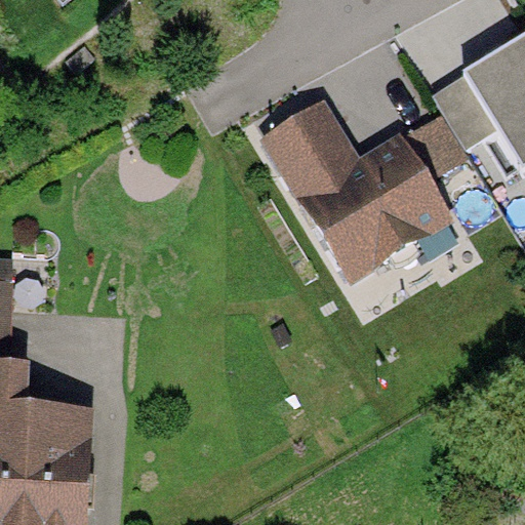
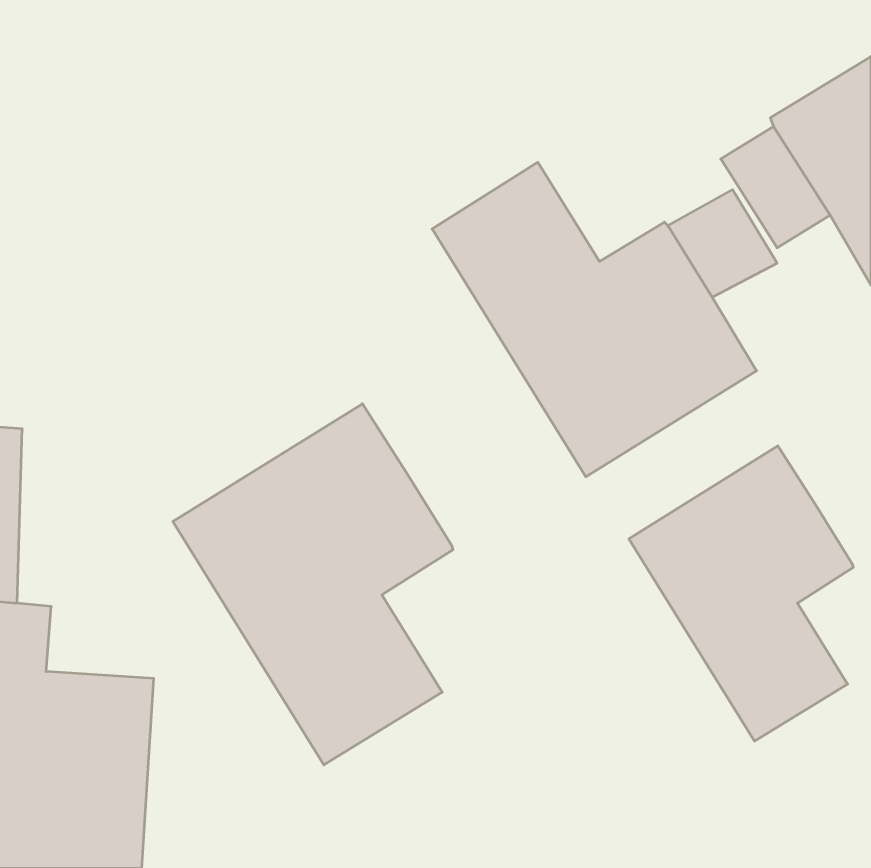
building: none -> [173,404,453,765]
building: none -> [629,446,853,741]

